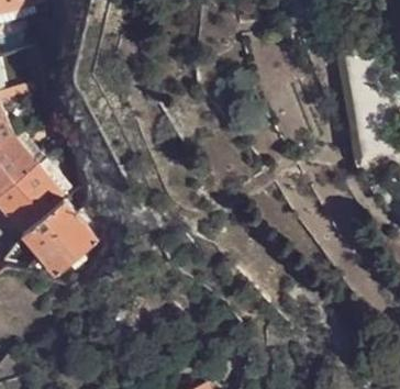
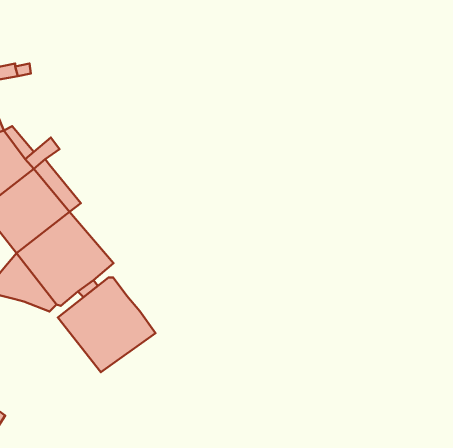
building: none -> [58,277,156,372]

